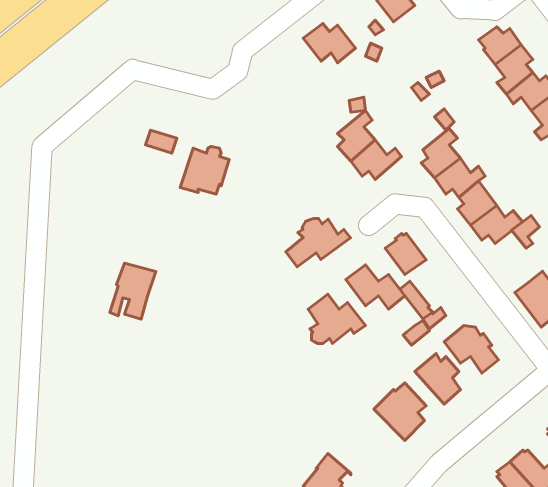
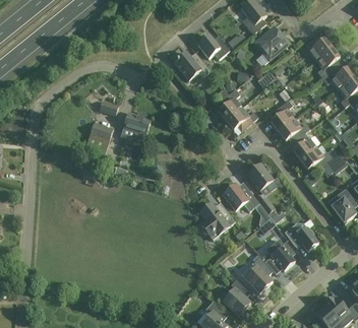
building: none -> [254,26,289,60]
building: none -> [174,52,210,80]
building: [286,218,351,267] -> none
building: [110,263,156,319] -> [84,122,113,156]
building: none -> [223,279,250,315]

